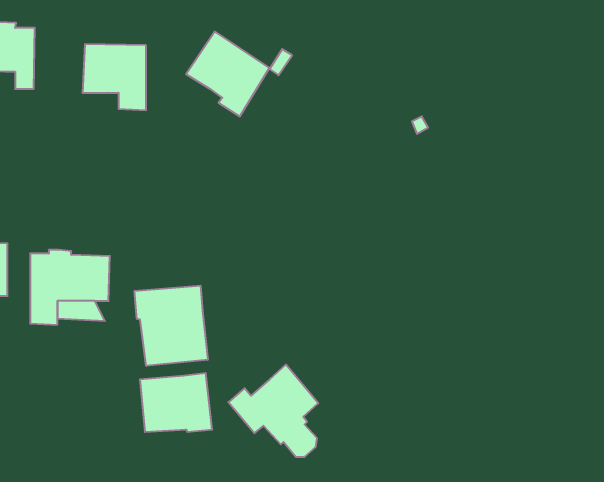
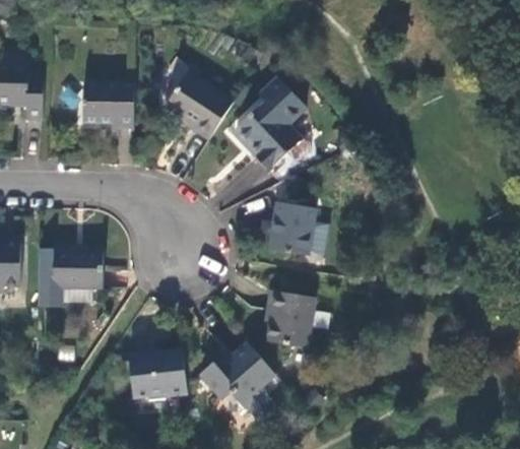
building: none -> [231,76,307,167]
building: none -> [267,202,313,257]
building: [134,286,208,366] -> none
building: none -> [267,293,313,348]

